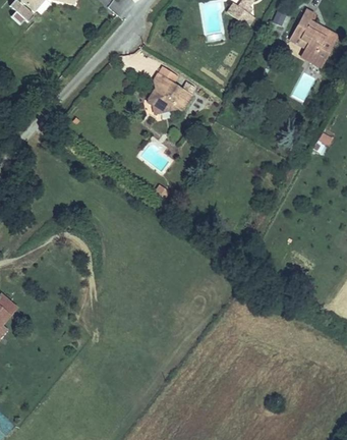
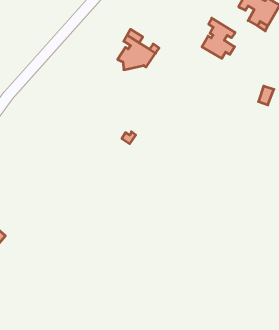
building: none -> [202,18,235,58]

